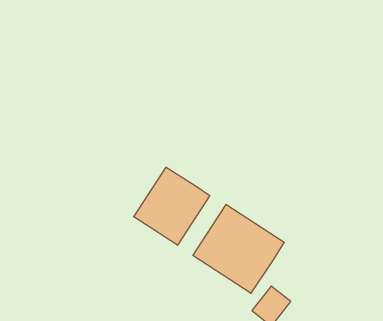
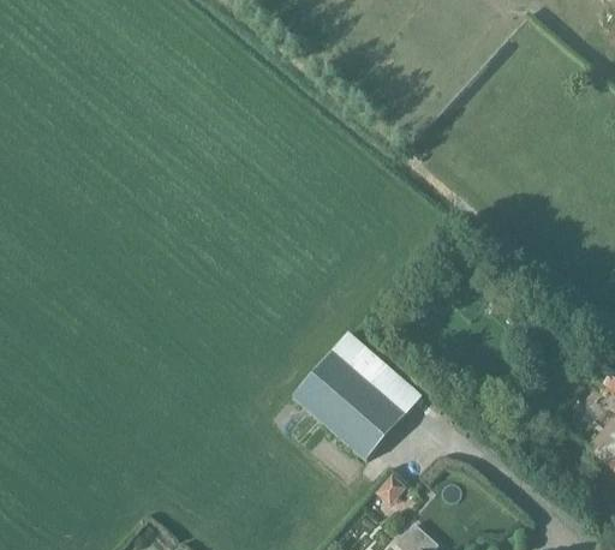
building: [134,167,210,245] -> none

